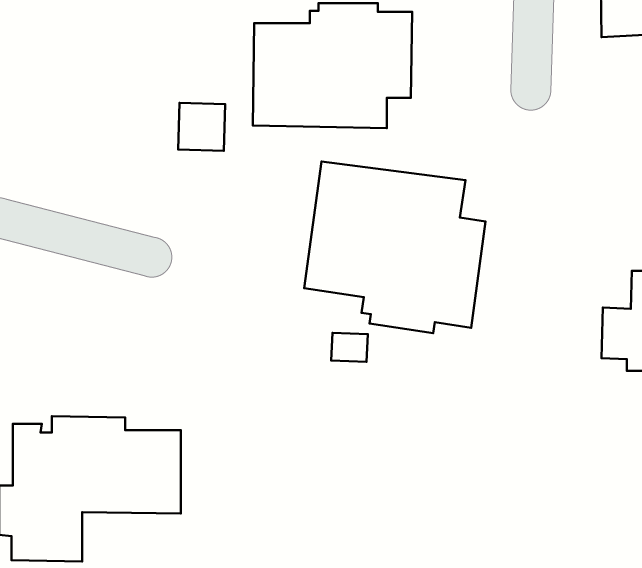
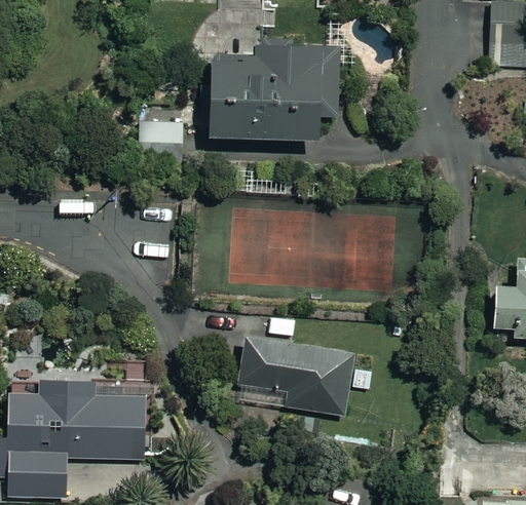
building: [304,162,486,333] -> none
building: none -> [243,333,375,417]

